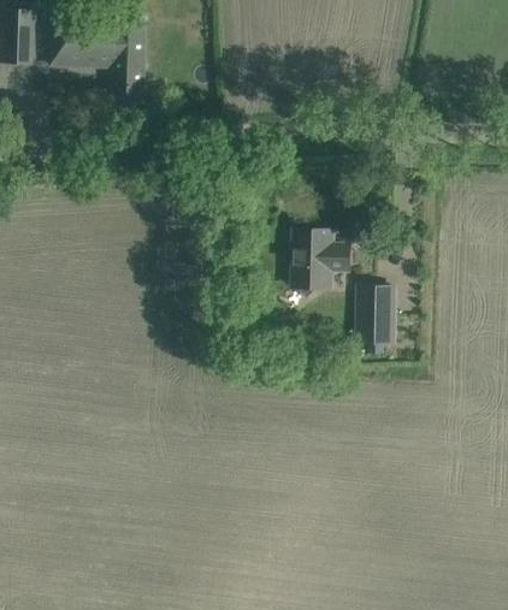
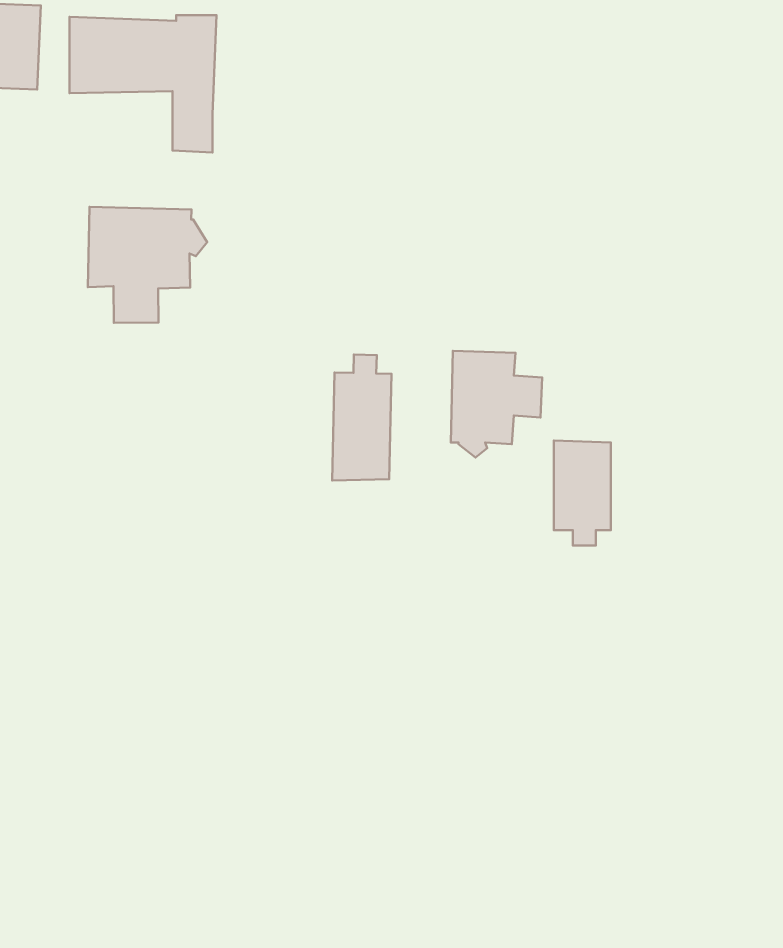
building: none -> [88,207,207,323]
building: none -> [332,355,392,480]

